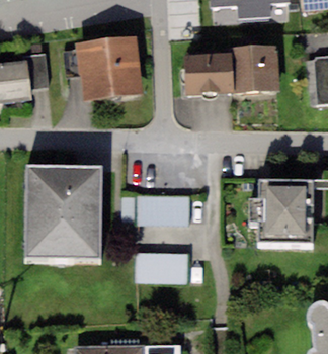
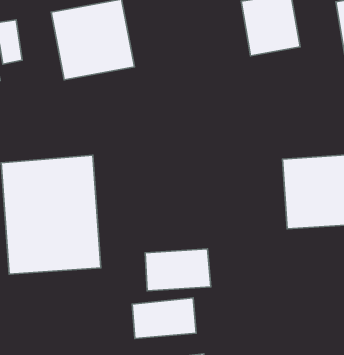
building: [184,58,229,94] -> none
building: [139,194,189,224] -> [132,298,196,338]

